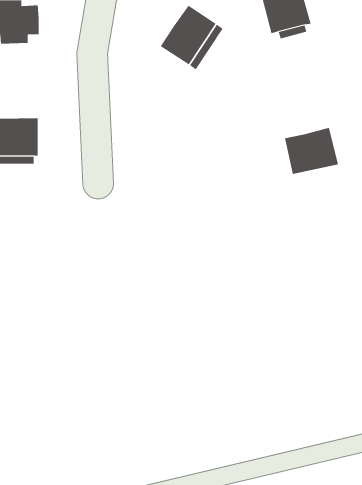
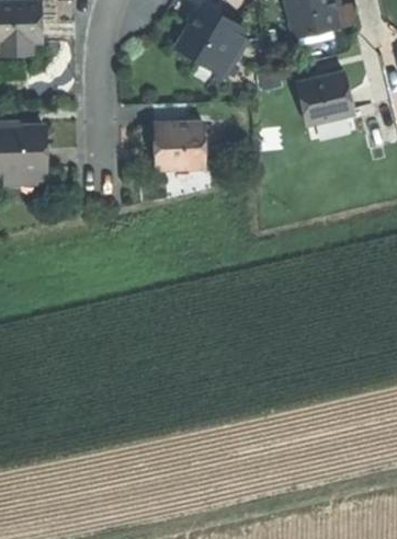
building: none -> [155,119,207,171]
building: [284,127,339,175] -> [299,71,359,123]

